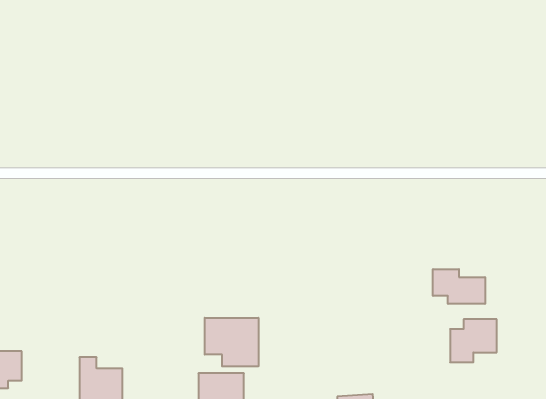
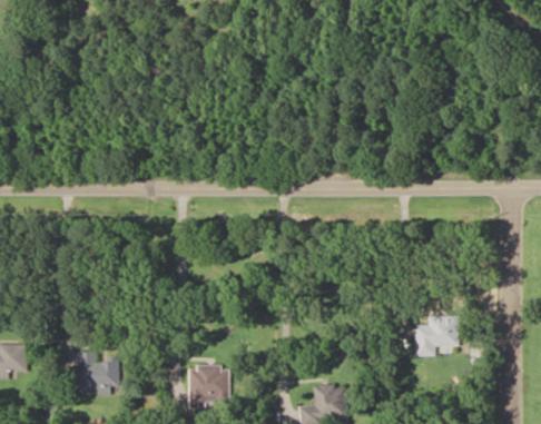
building: [433,269,485,304] -> none
building: [205,318,258,366] -> none

